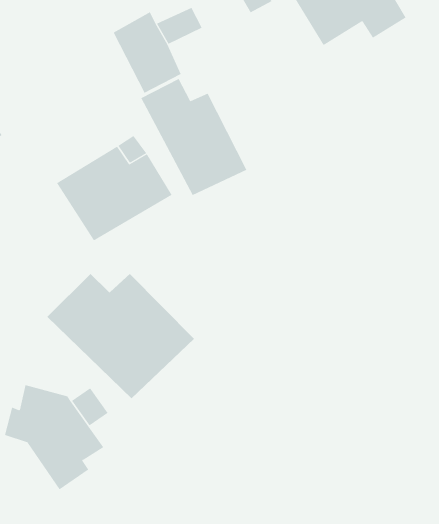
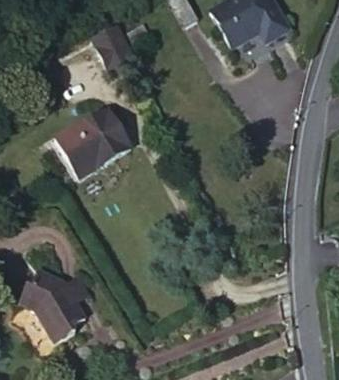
building: [141,78,247,196] -> none
building: [47,273,195,399] -> none

